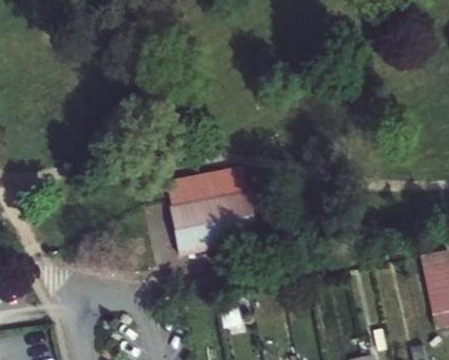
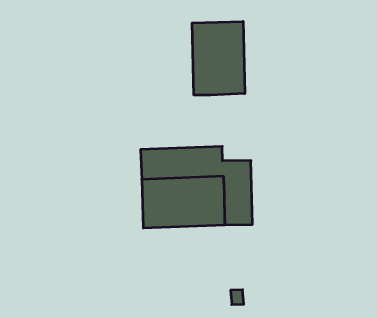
building: none -> [192,21,245,95]

